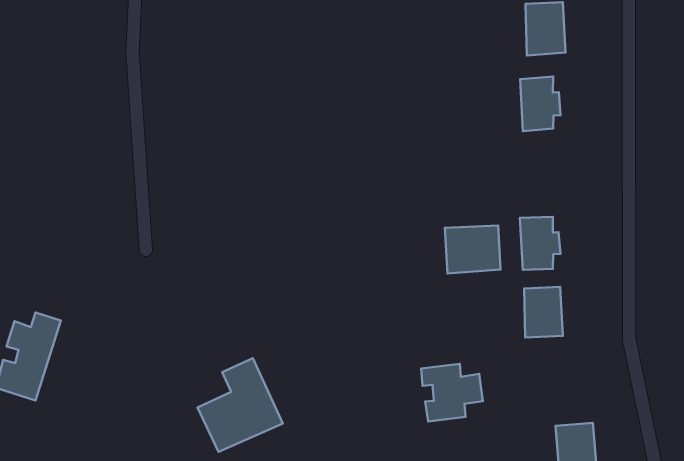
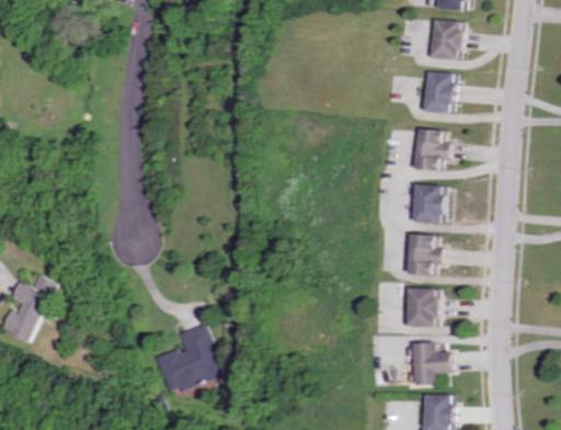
building: none -> [415,183,444,222]
building: [445,226,501,274] -> none
building: [421,364,483,421] -> [405,342,450,384]

